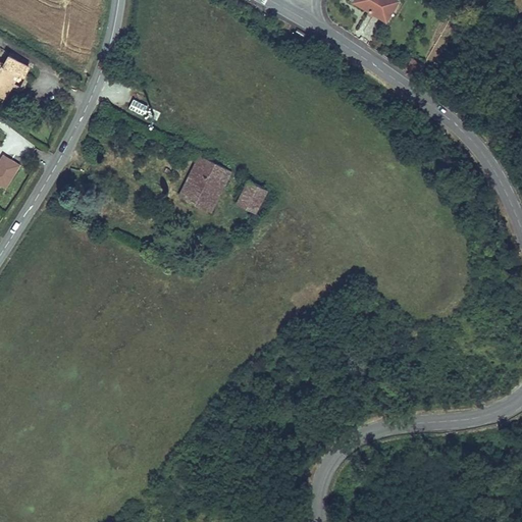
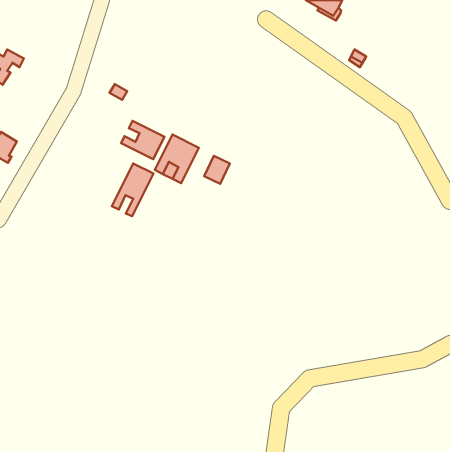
building: none -> [121,121,165,159]
building: none -> [112,164,154,216]

